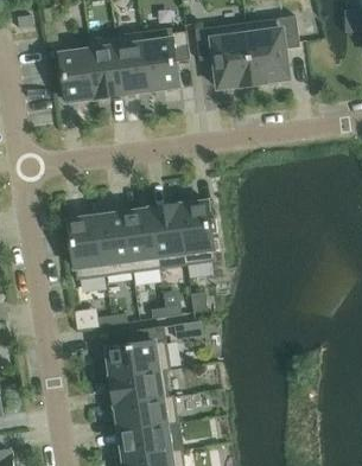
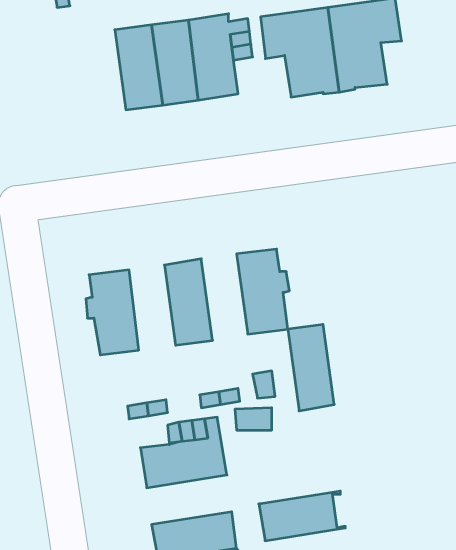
building: [58,39,96,102] -> none
building: [152,205,186,269] -> [288,324,334,411]
building: [99,213,133,276] -> none
building: [110,369,174,406] -> [259,491,345,541]

